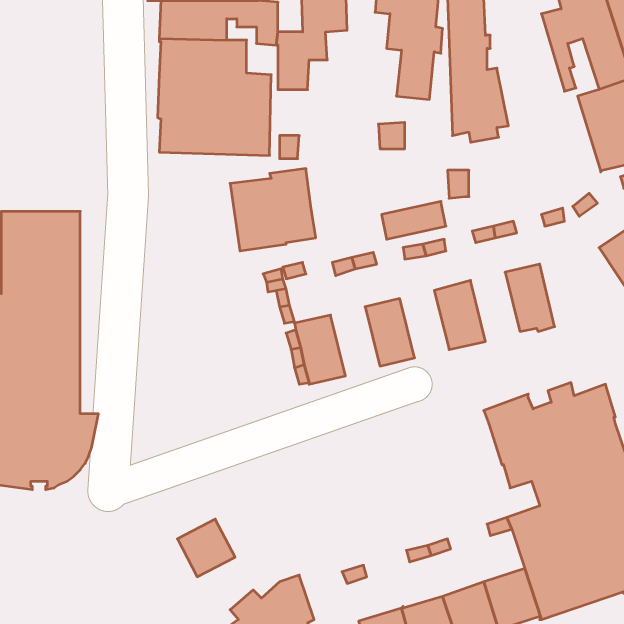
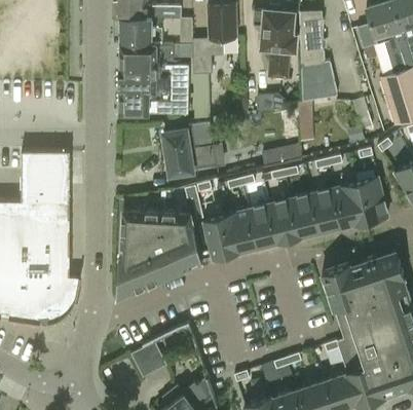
building: none -> [356,178,387,222]
building: none -> [313,188,344,231]
building: none -> [269,199,300,241]
building: none -> [116,210,201,297]
building: none -> [226,210,257,253]

